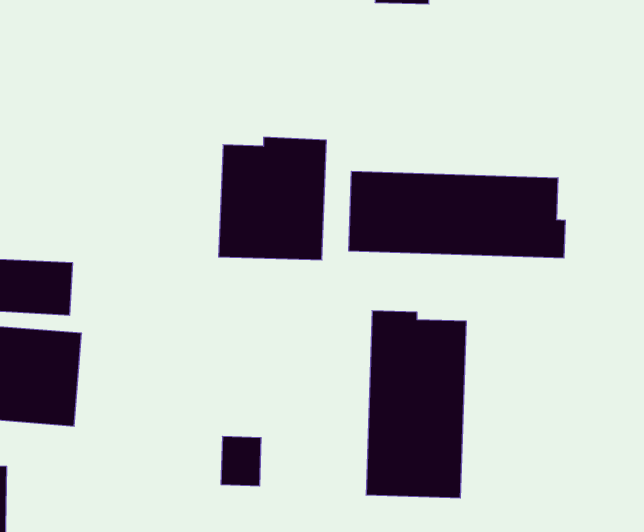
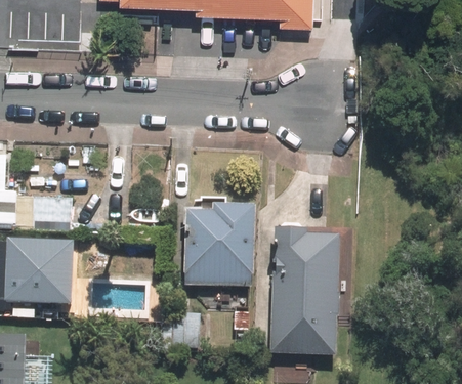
building: [219,137,326,260] -> [181,203,255,287]
building: [349,171,565,258] -> none

